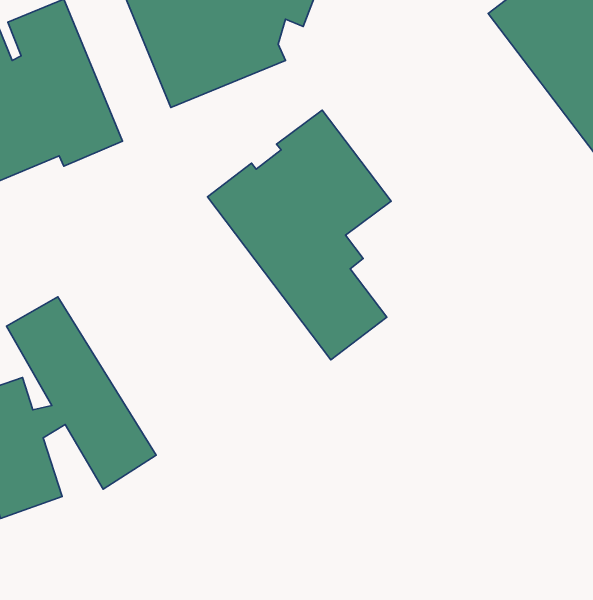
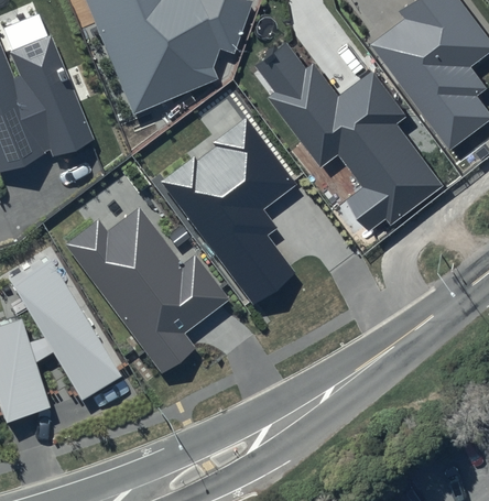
building: none -> [254,43,443,231]
building: none -> [65,208,229,373]

